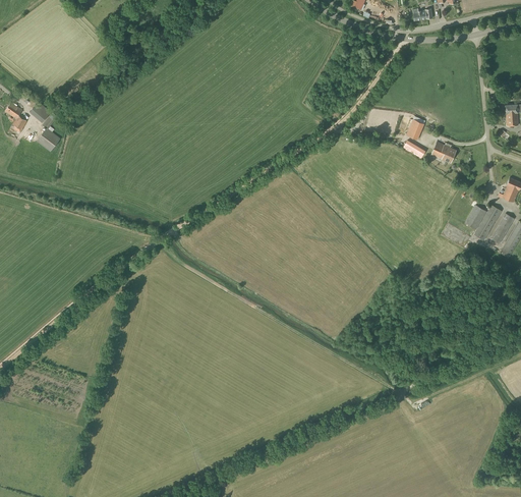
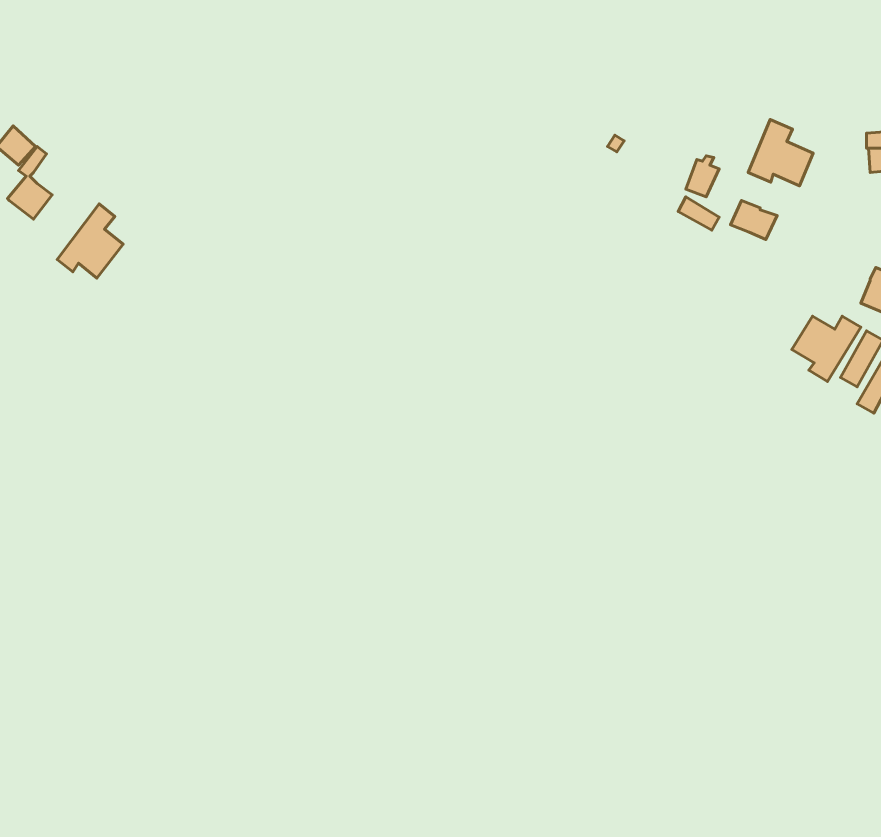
building: none -> [748,120,813,186]
building: none -> [57,204,123,278]

